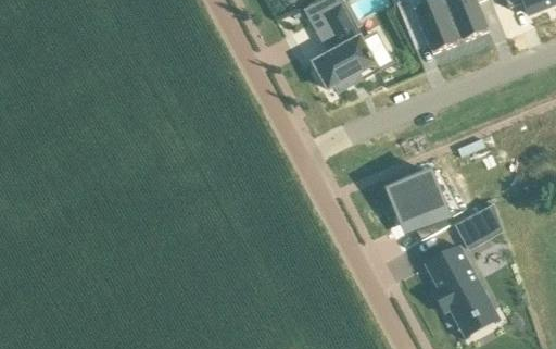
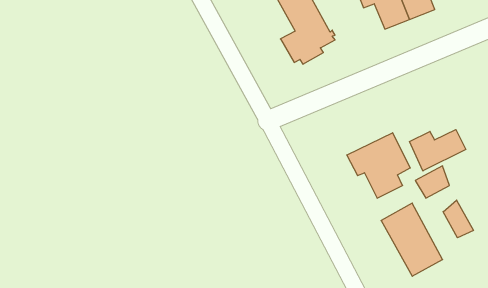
building: none -> [410,130,466,171]
building: none -> [443,200,473,238]

